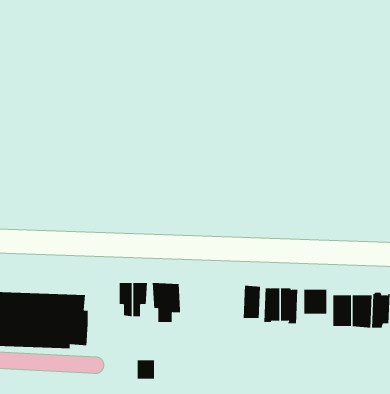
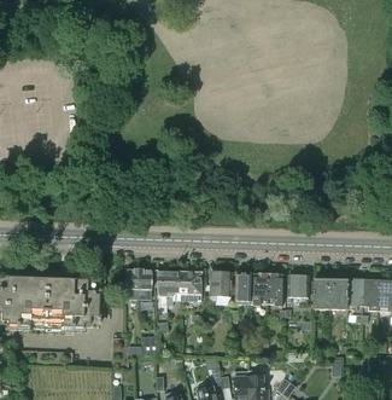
building: none -> [180,271,203,302]
building: none -> [210,272,232,301]

